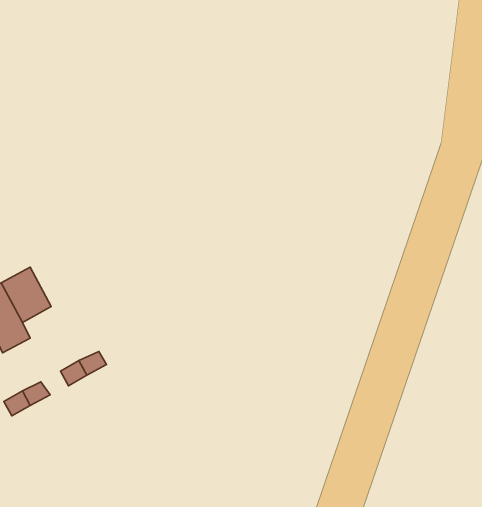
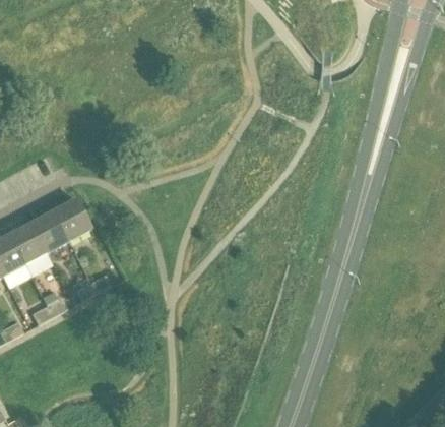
building: none -> [52,198,90,240]

